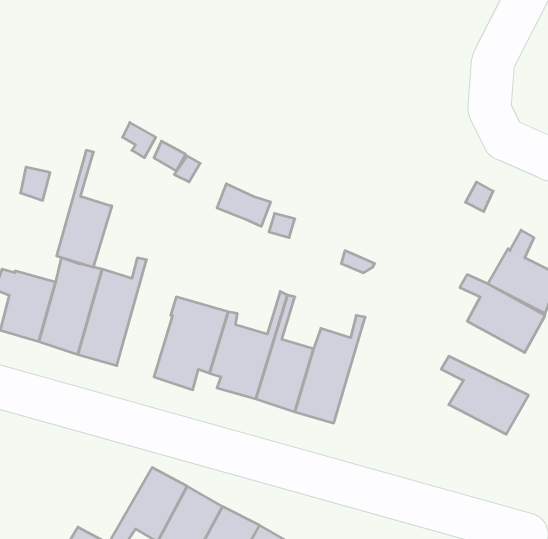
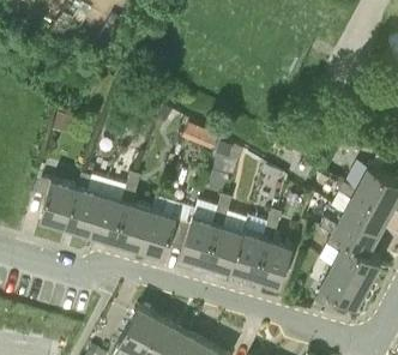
building: [57,150,112,267] -> [116,174,152,249]
building: none -> [257,211,294,287]
building: none -> [319,215,380,255]
building: none -> [314,267,368,309]

